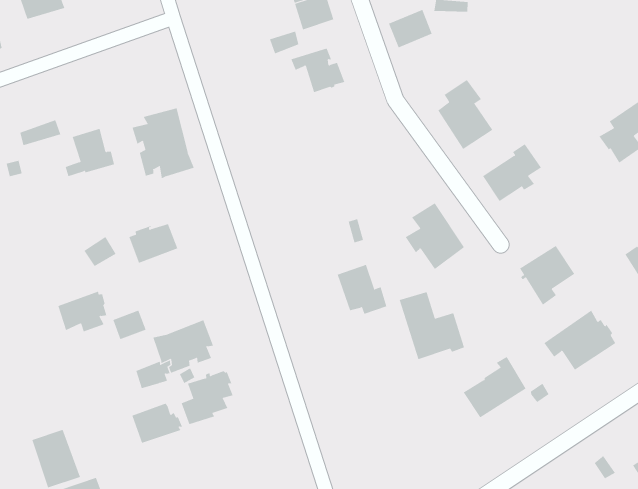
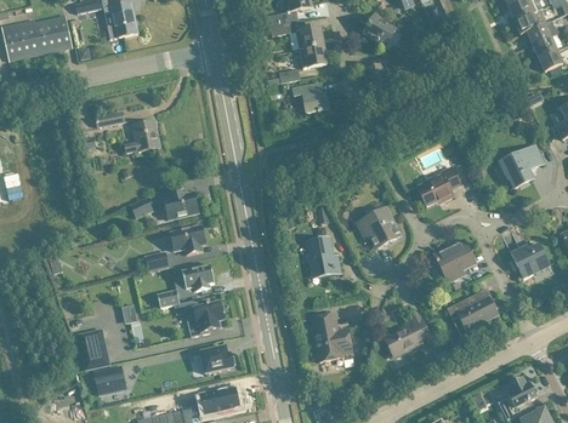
building: [438,79,493,150] -> none
building: [132,108,195,179] -> none
building: [58,291,107,332] -> [171,225,205,253]
building: [399,291,465,360] -> [311,314,353,361]
building: [131,403,183,444] -> [200,345,235,372]

